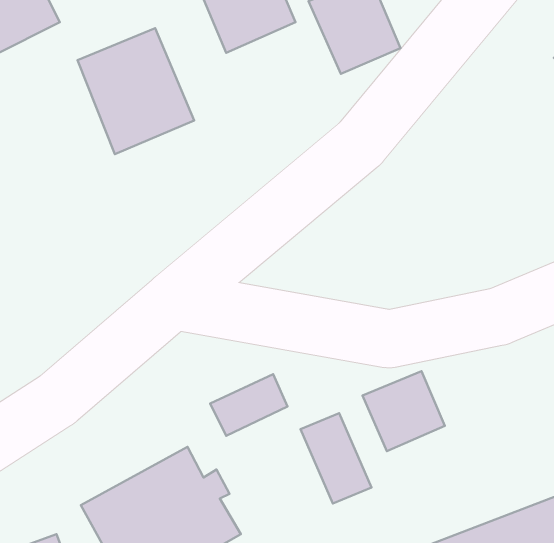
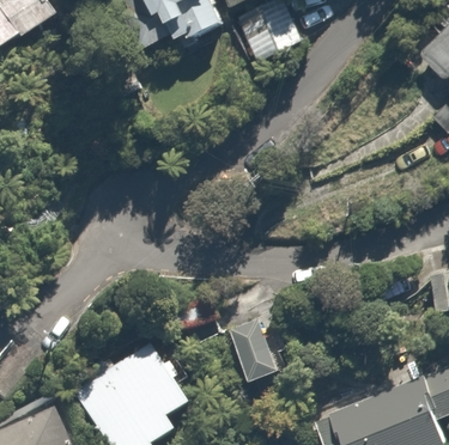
building: [77,28,194,154] -> none
building: [362,371,445,451] -> none

